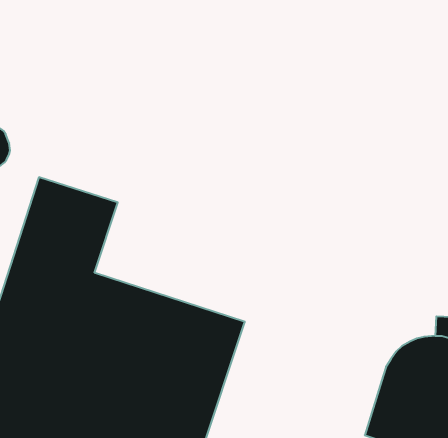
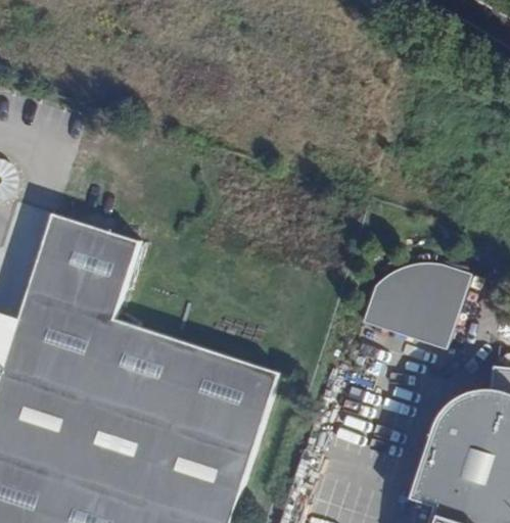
building: none -> [360,263,468,349]

